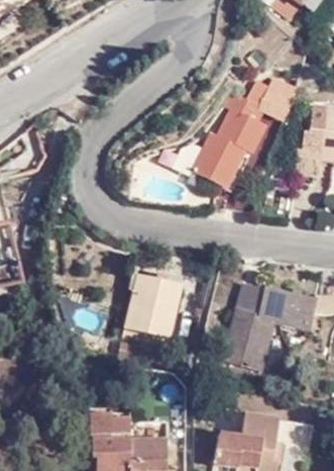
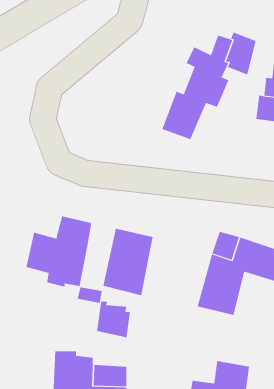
building: none -> [26,215,92,287]
building: none -> [97,301,131,338]

